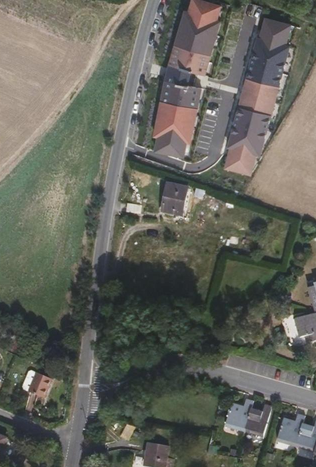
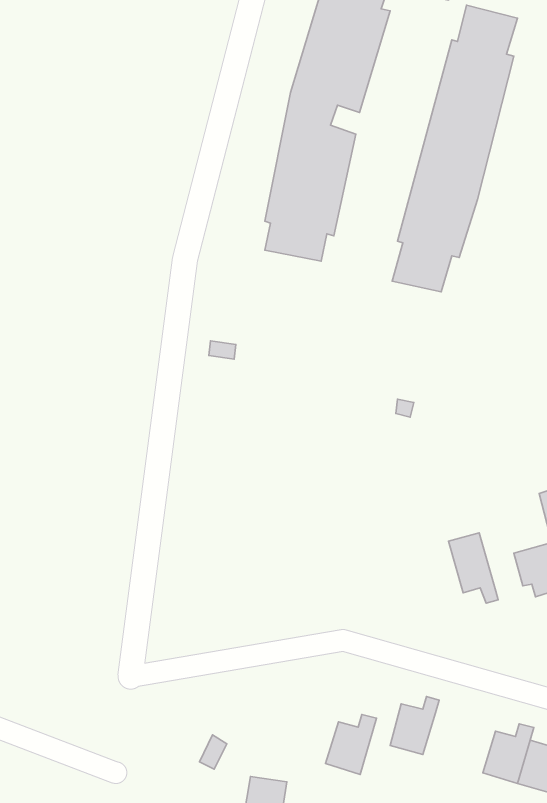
building: [160,182,186,215] -> none
building: none -> [448,533,498,603]
building: [21,369,50,396] -> none
building: [242,403,270,436] -> [326,715,376,774]

